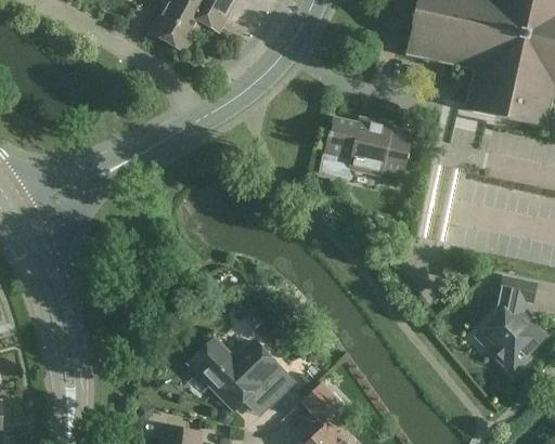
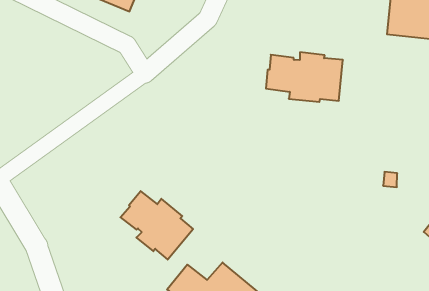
building: none -> [120,191,193,260]

